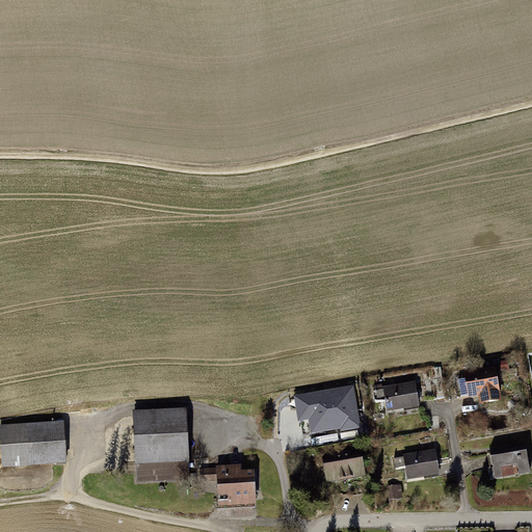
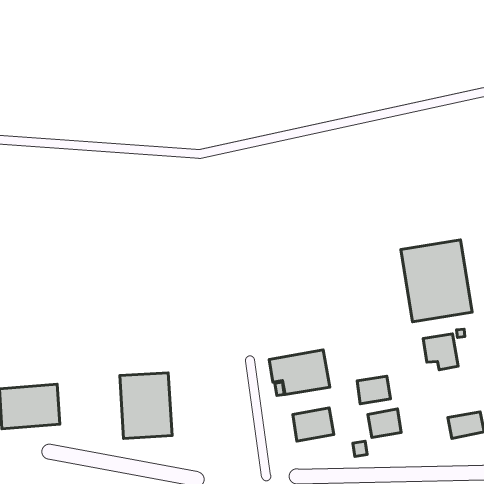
building: none -> [401,240,472,322]
building: [381,380,418,410] -> [357,376,391,404]
building: [202,462,254,506] -> none

